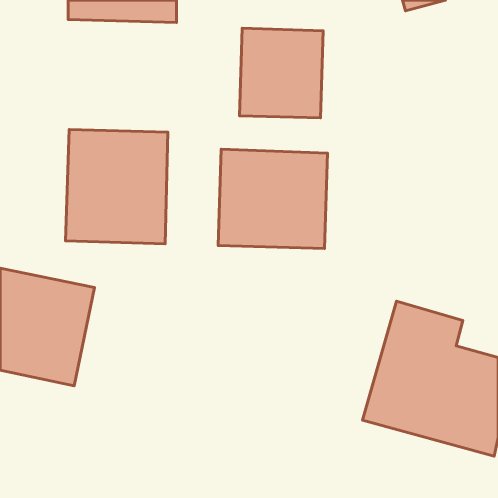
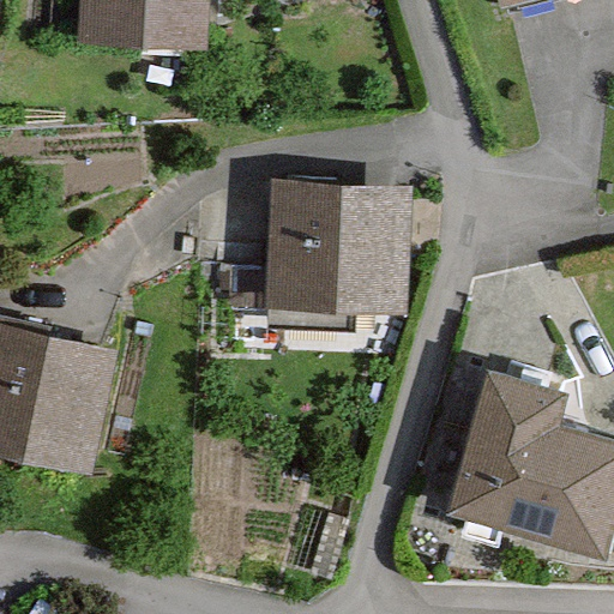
building: [239,28,323,118] -> none
building: [66,129,168,244] -> none

